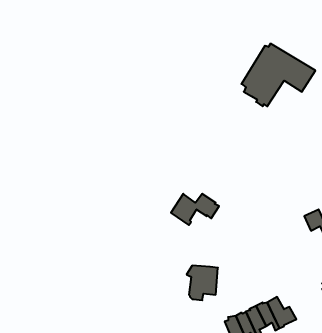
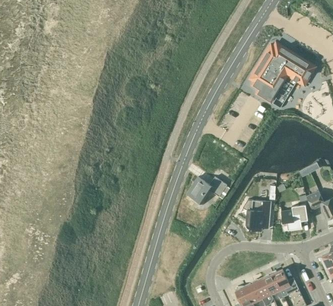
building: none -> [280,205,308,230]
building: [187,266,218,300] -> [243,200,271,231]

